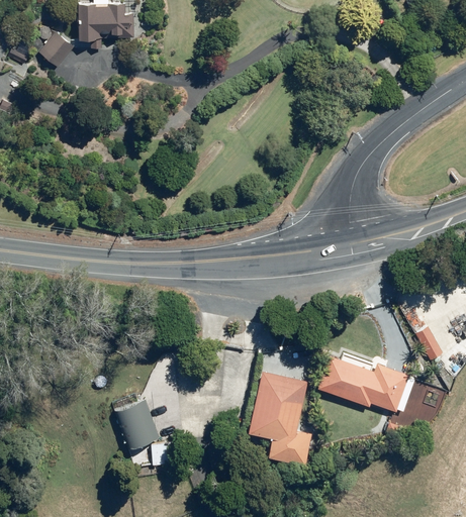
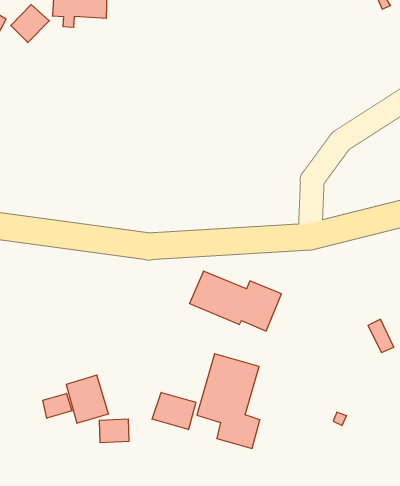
building: [317,354,409,411] -> [189,271,281,331]
building: none -> [152,392,196,430]
building: none -> [43,393,72,418]

